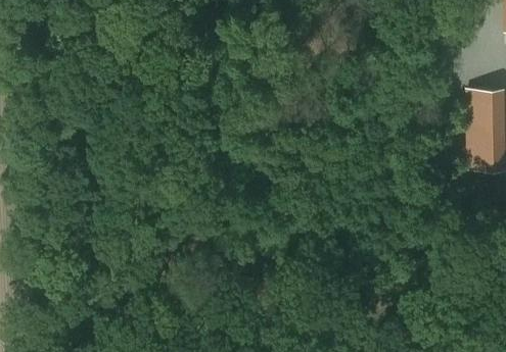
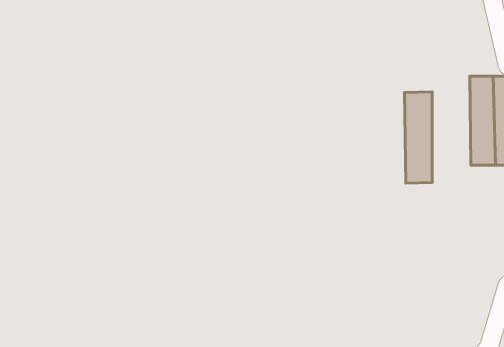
building: none -> [405,92,432,183]

